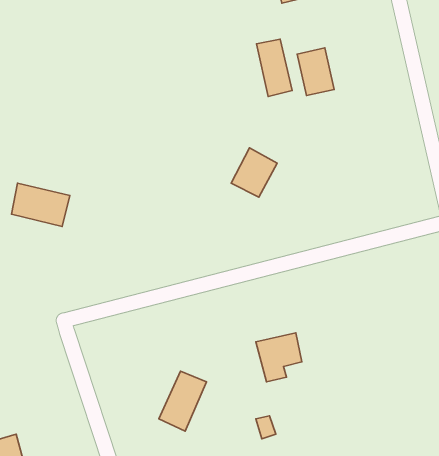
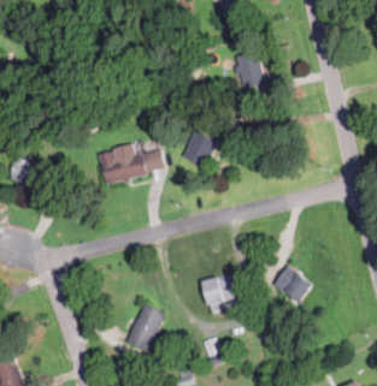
building: [256,39,292,97] -> none
building: none -> [99,144,165,184]
building: none -> [275,266,314,303]

